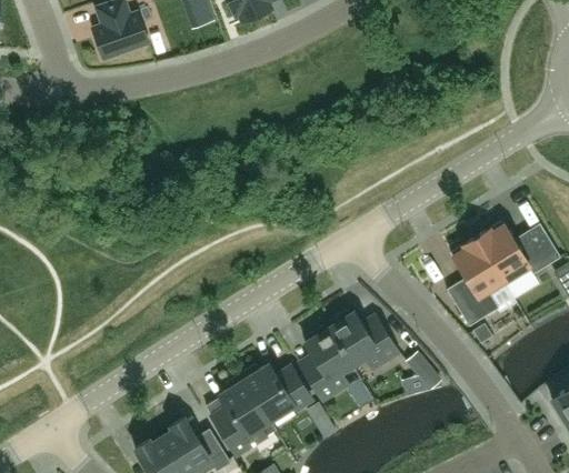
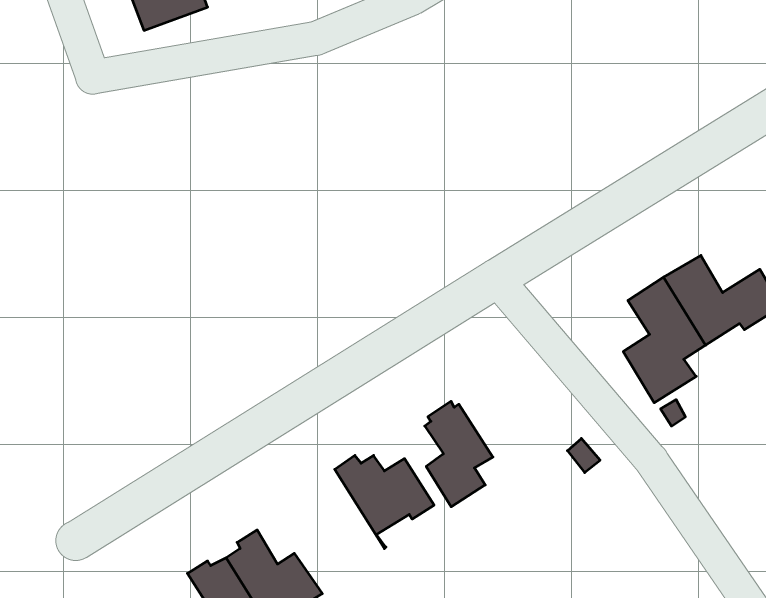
building: [330,310,399,368] -> none
building: [212,373,277,454] -> none

